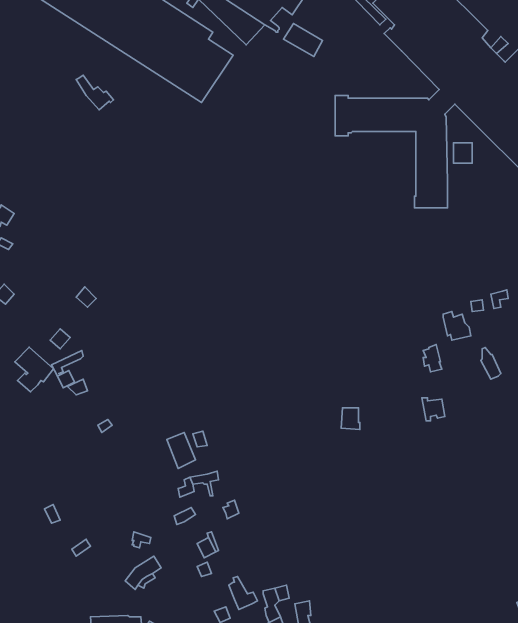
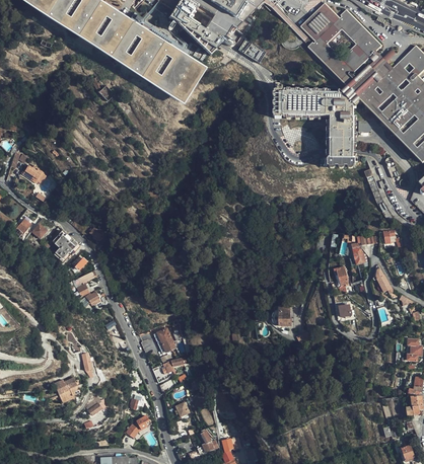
building: [15,347,54,392] -> [52,231,79,262]

